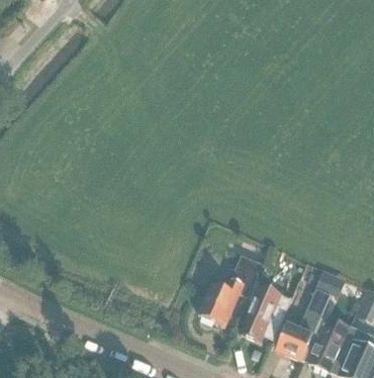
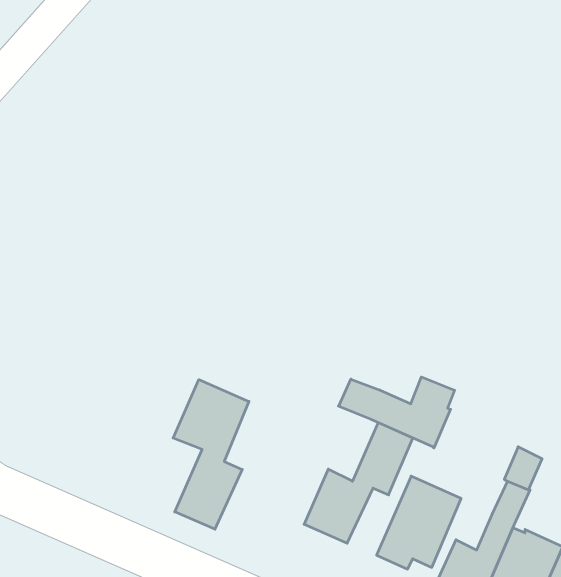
building: none -> [338,377,455,448]
building: none -> [173,380,249,529]

